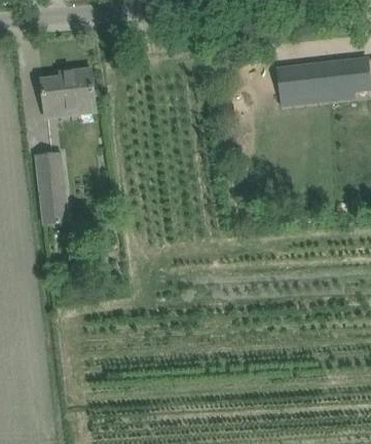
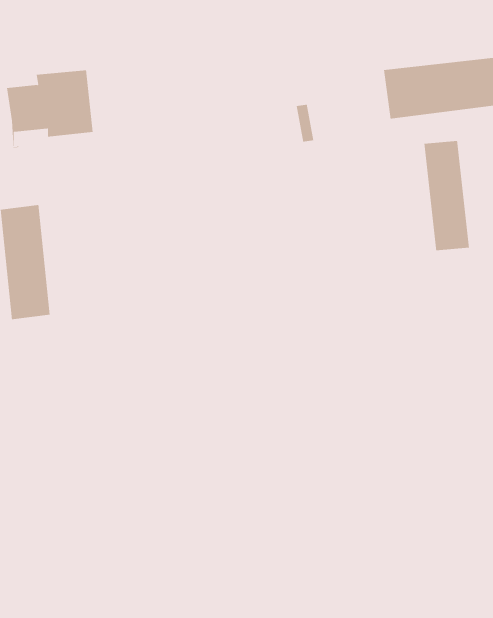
building: none -> [424,140,470,251]

